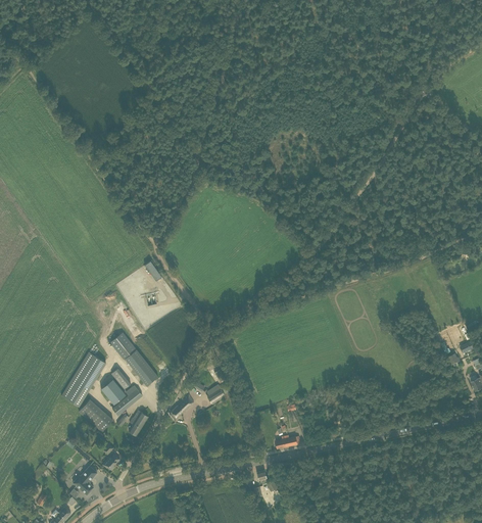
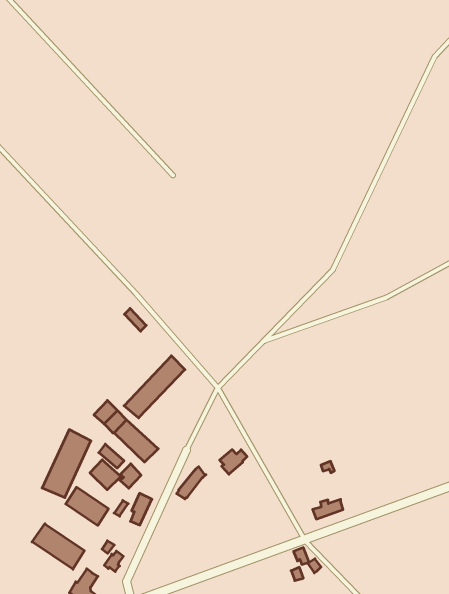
building: none -> [124,356,185,418]
building: none -> [32,524,84,569]

